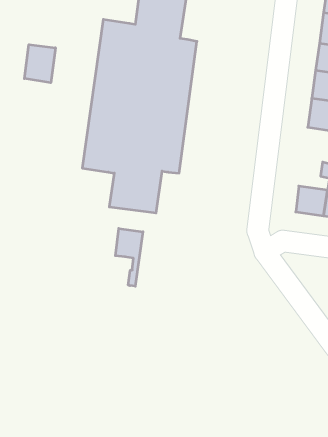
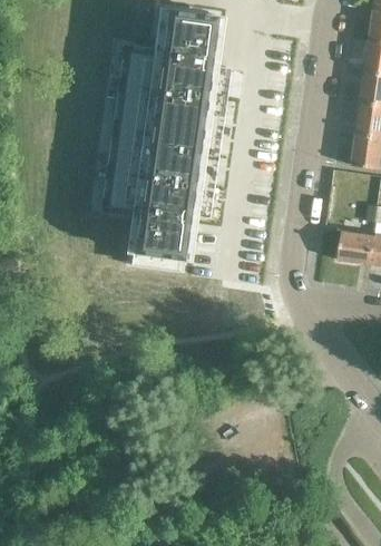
building: [24,45,55,83] -> none
building: [115,228,143,286] -> none

